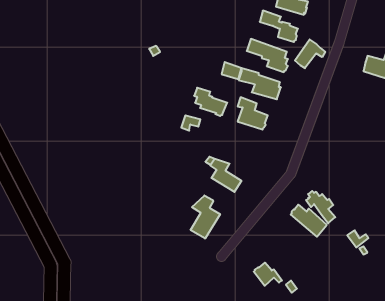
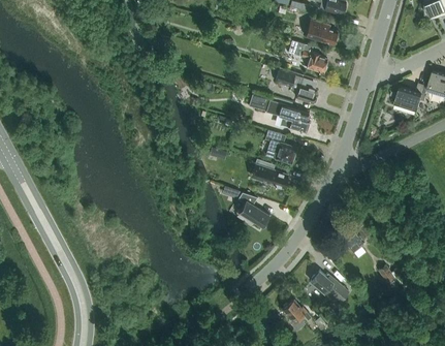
building: [295,39,325,68] -> none
building: [194,88,227,116] -> [254,160,288,189]
building: [191,195,220,239] -> none
building: [291,205,327,237] -> [311,272,348,305]

